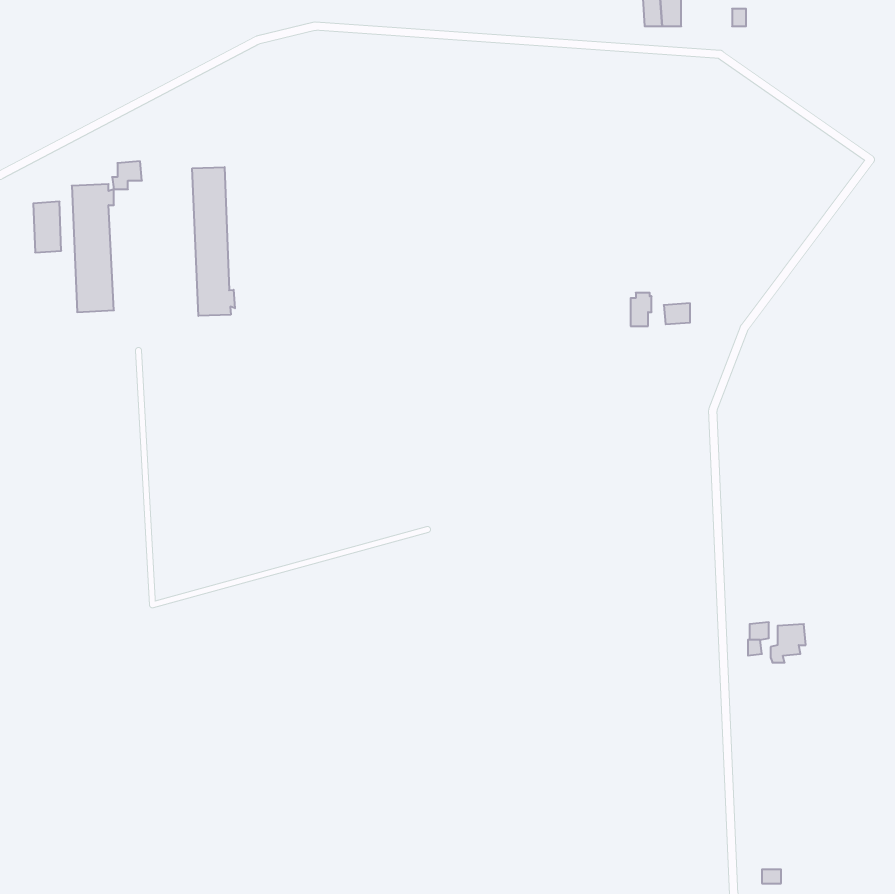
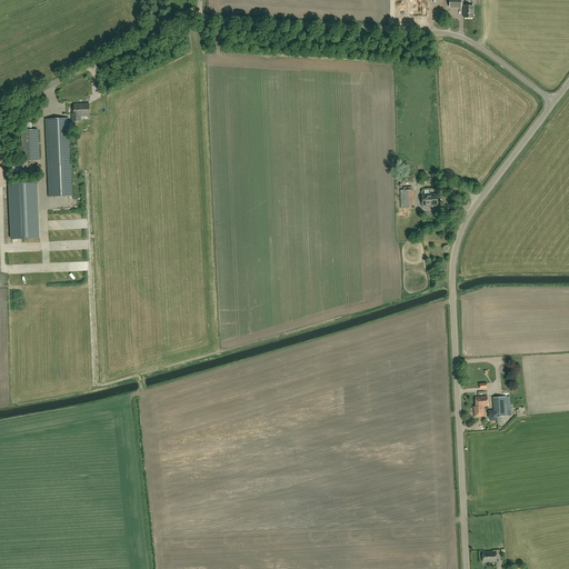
building: [192,167,235,316] -> none
building: none -> [9,181,39,238]

